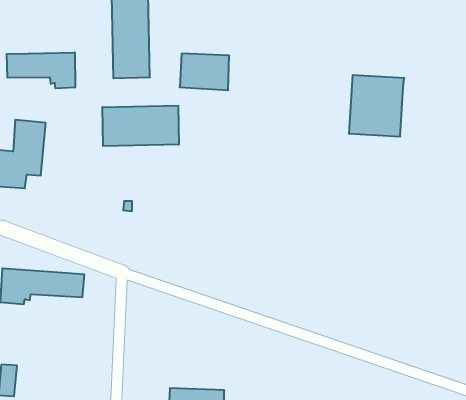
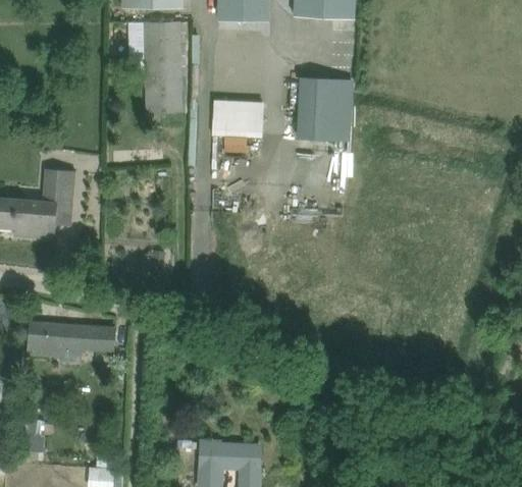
building: [7,52,75,88] -> none
building: [349,75,404,136] -> [296,77,353,141]
building: [102,106,179,146] -> none

